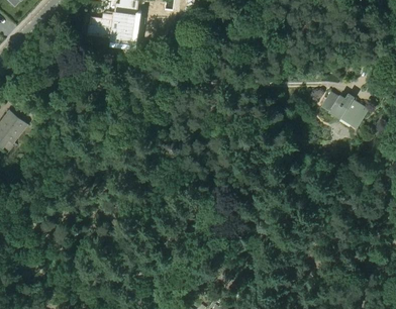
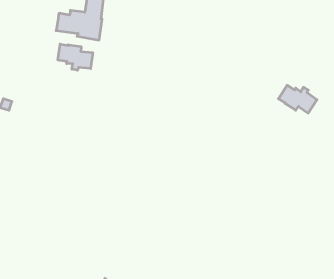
building: none -> [58,44,93,70]

